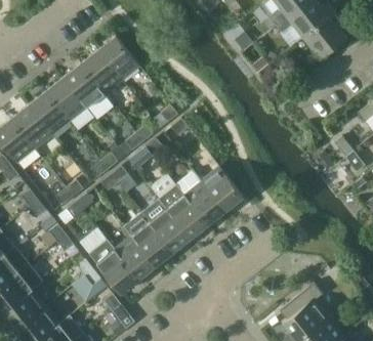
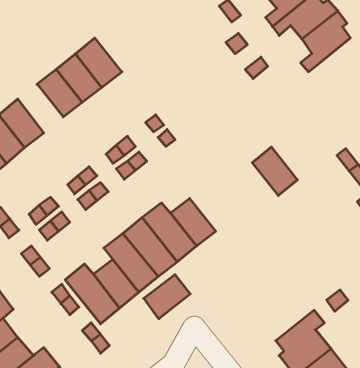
building: [45,78,86,122] -> none
building: [201,167,242,211] -> [252,147,297,196]
building: none -> [144,275,190,319]

